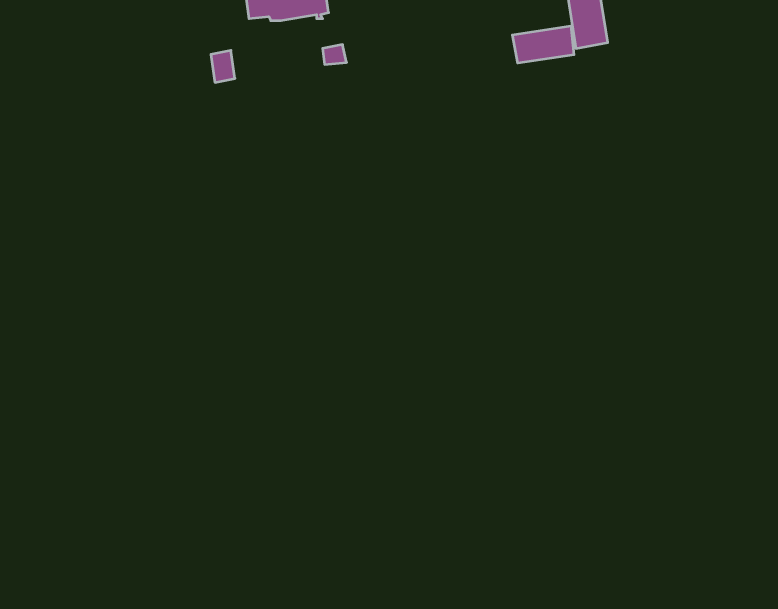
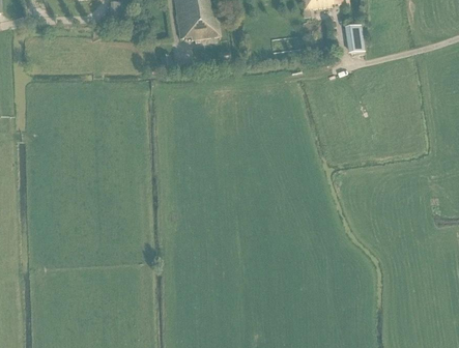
building: [512,26,574,63] -> none

